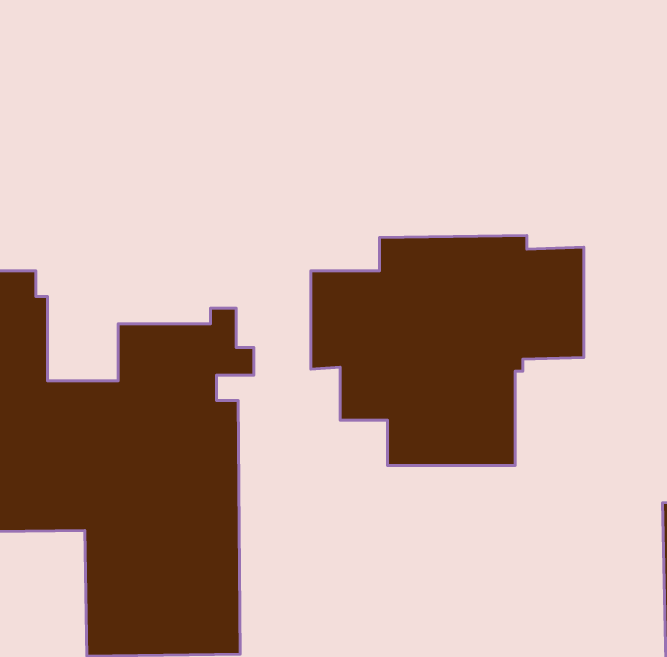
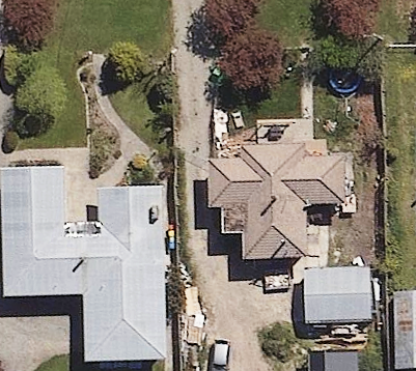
building: none -> [283,265,372,326]

